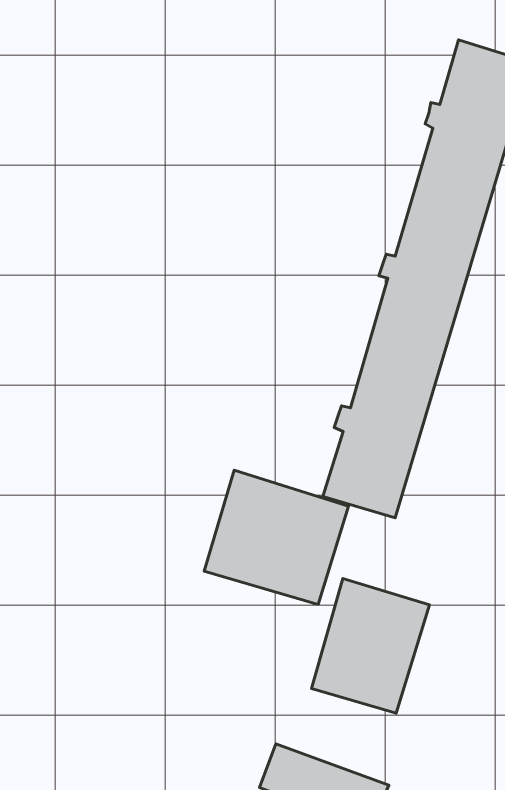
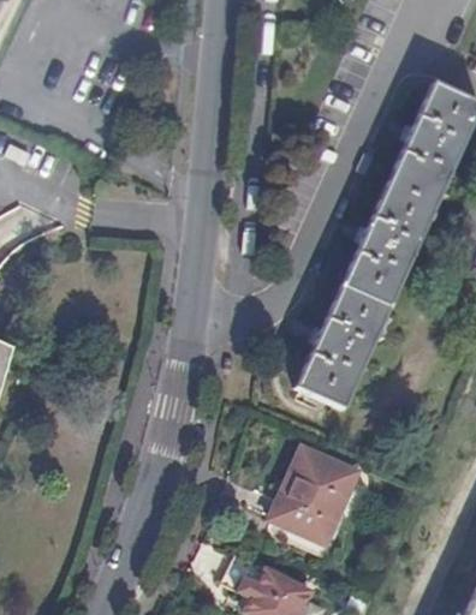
building: [204,470,349,604] -> none

